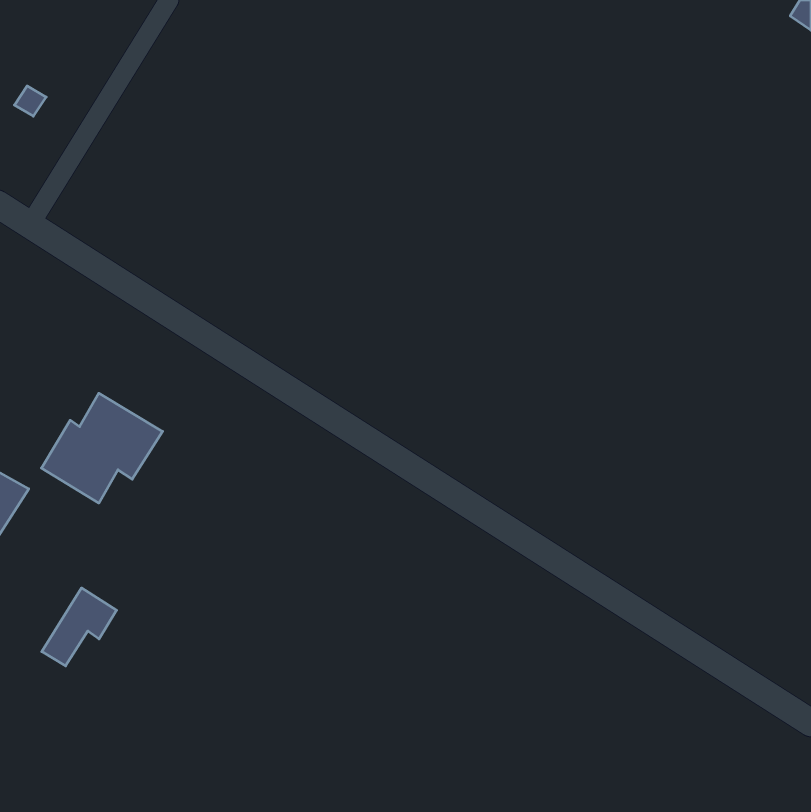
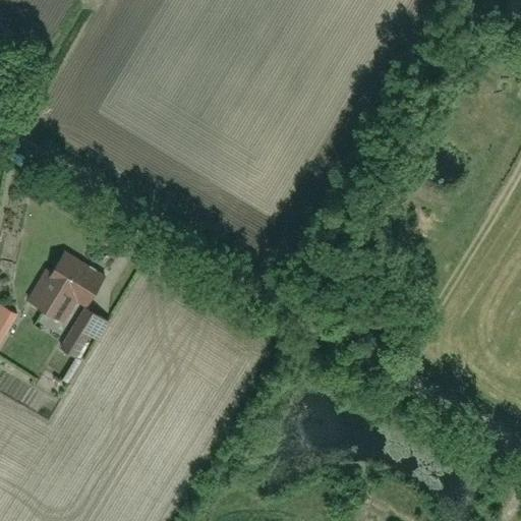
building: [42,588,117,666] -> [59,307,107,357]

